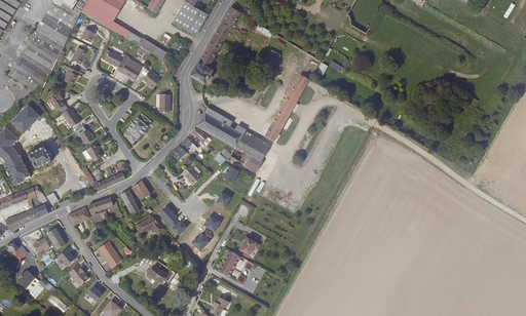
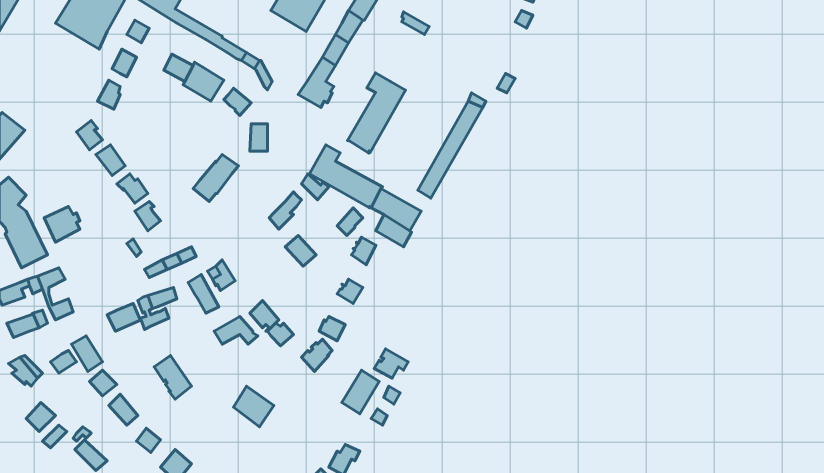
building: [8,29,64,93] -> none
building: none -> [347,73,405,153]
building: [11,105,40,133] -> none

